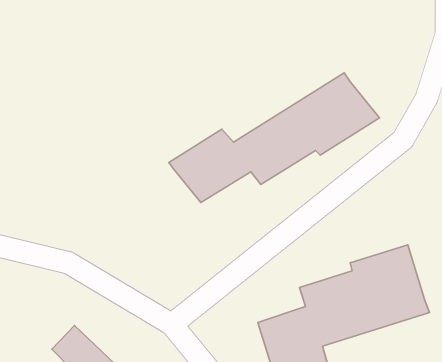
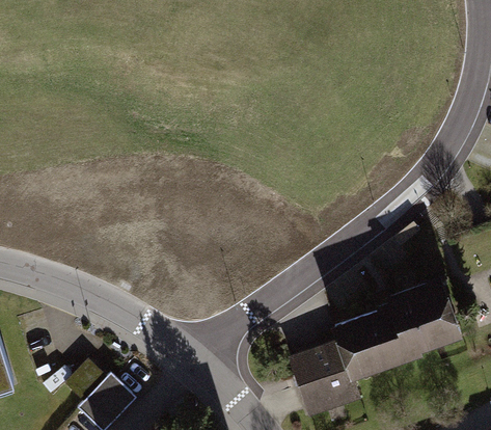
building: [169,73,379,202] -> none

